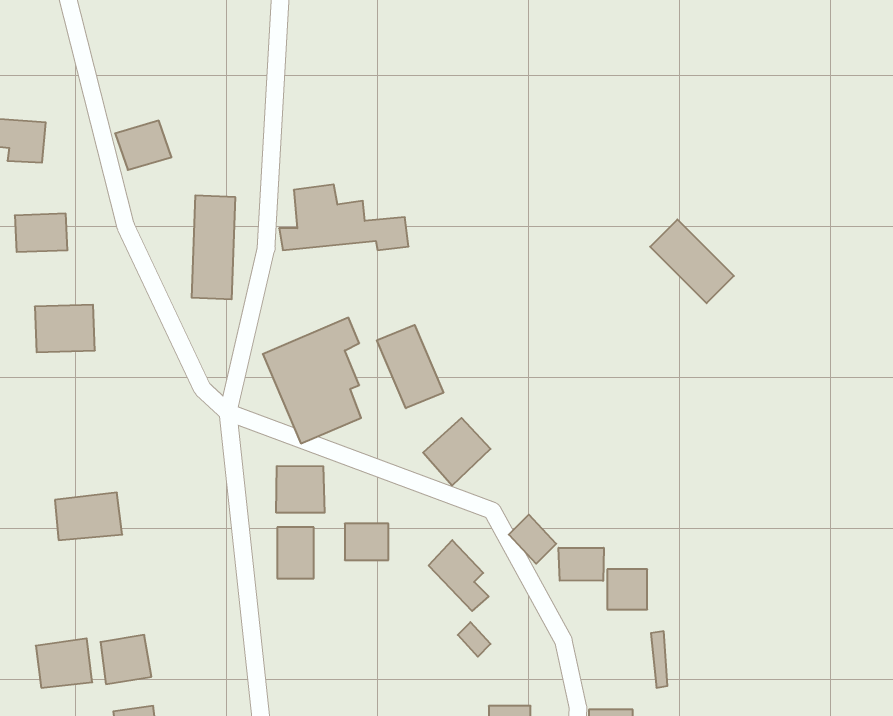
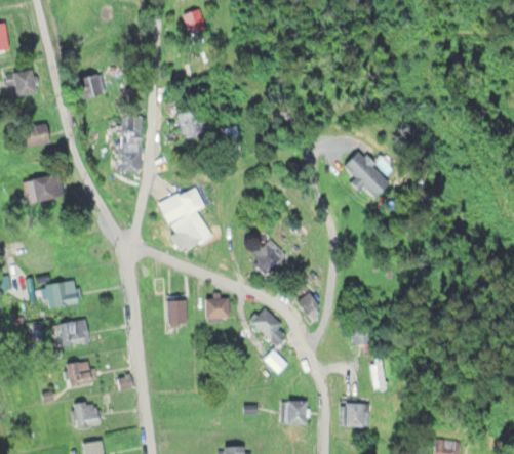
building: none -> [183,8,207,34]
building: [650,219,734,303] -> [341,151,388,198]
building: [377,325,443,408] -> none
building: [276,466,325,513] -> none
building: [559,548,604,581] -> none
building: [36,638,92,688] -> [57,320,89,347]

